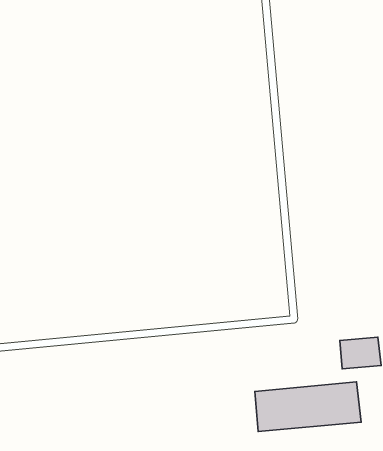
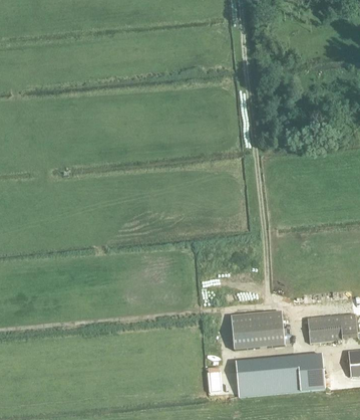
building: none -> [231,310,284,350]

